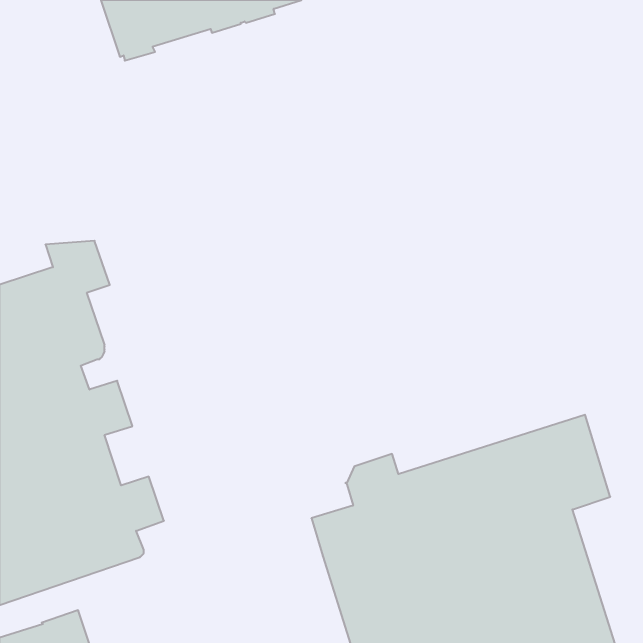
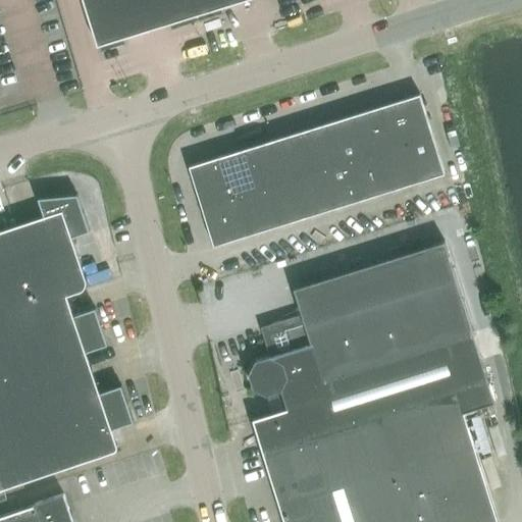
building: none -> [189,95,443,247]
building: none -> [248,243,473,397]

